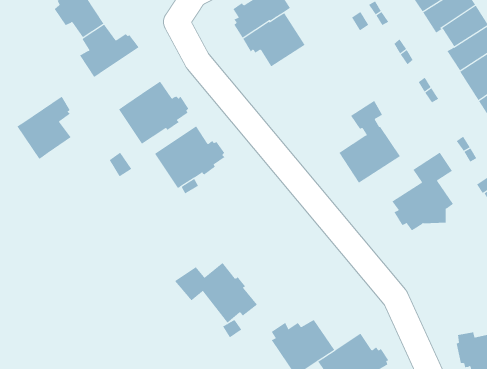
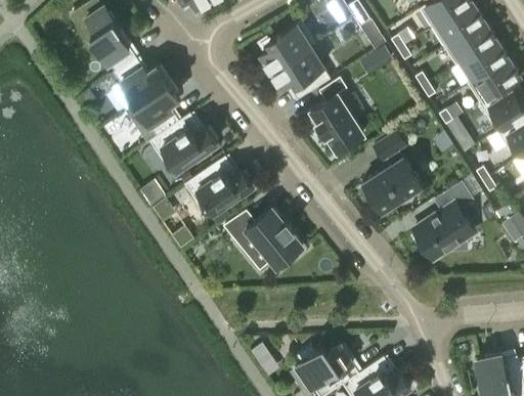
building: none -> [310,77,363,151]
building: [17,96,72,159] -> [126,81,179,142]
building: [174,262,258,324] -> [223,207,304,266]

